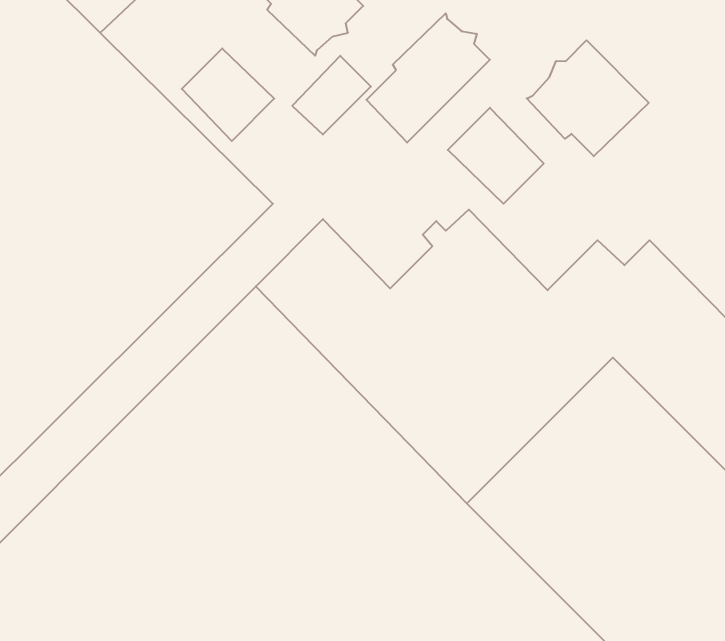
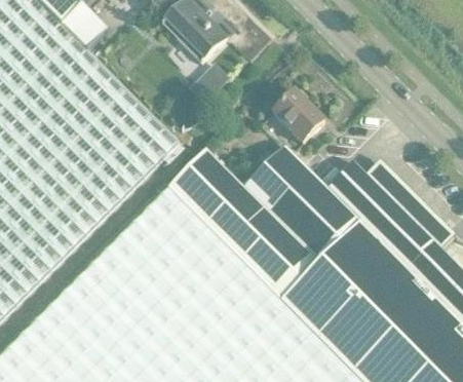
building: [366,13,490,143] -> none
building: [527,40,649,156] -> none
building: [182,48,274,141] -> none

